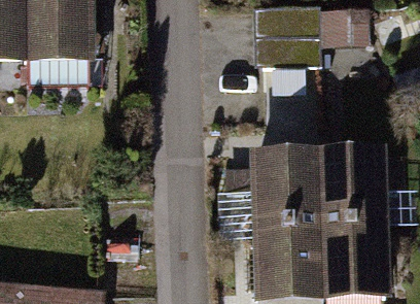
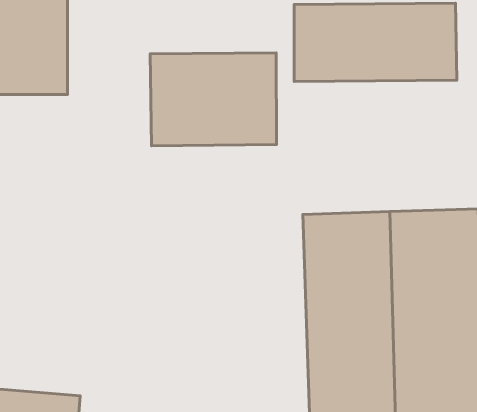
building: none -> [150,53,277,146]

